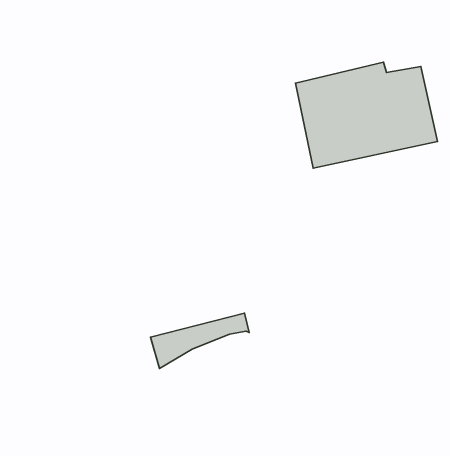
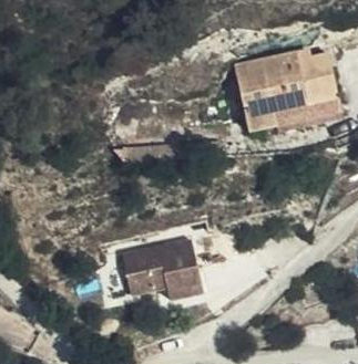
building: none -> [130,252,206,301]

